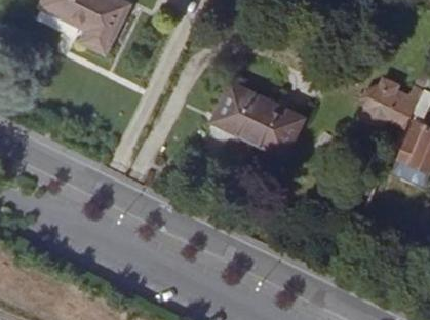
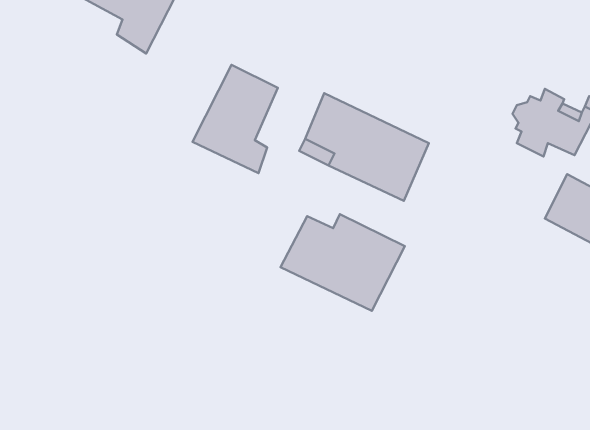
building: none -> [192,65,278,173]
building: none -> [280,214,405,311]

